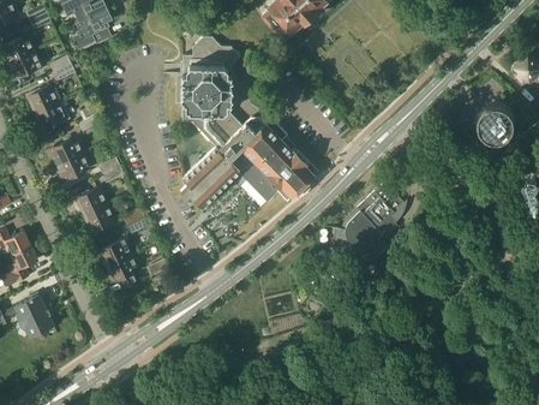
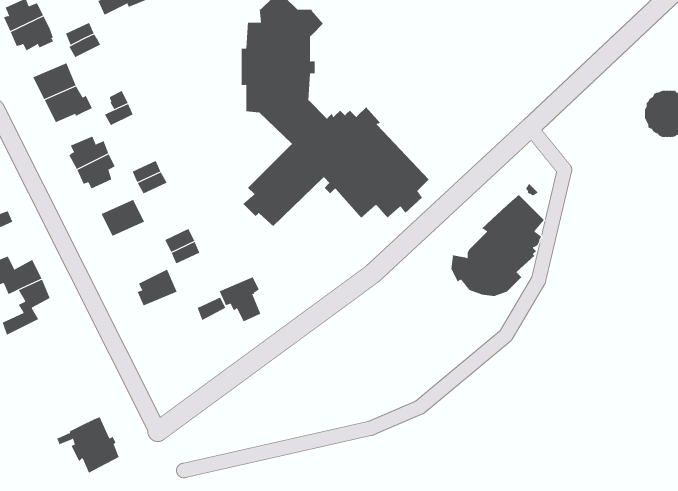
building: [84,203,116,232] -> none
building: [107,255,138,288] -> [219,277,261,322]
building: [6,294,53,336] -> [56,417,120,474]

